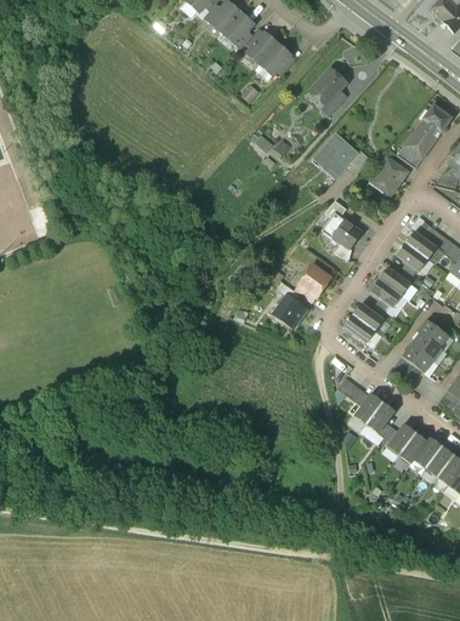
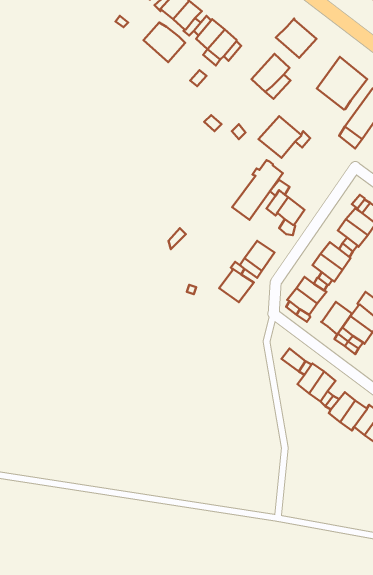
building: none -> [276,19,316,58]
building: none -> [143,22,185,62]
building: none -> [317,57,367,110]
building: [370,156,408,194] -> none
building: none -> [232,160,283,220]
building: none -> [321,302,352,335]

